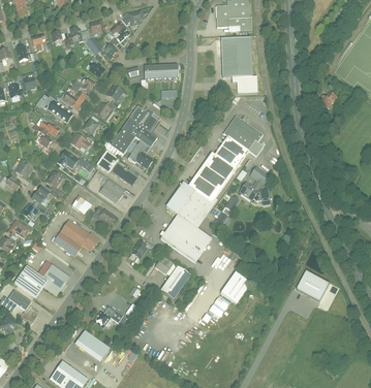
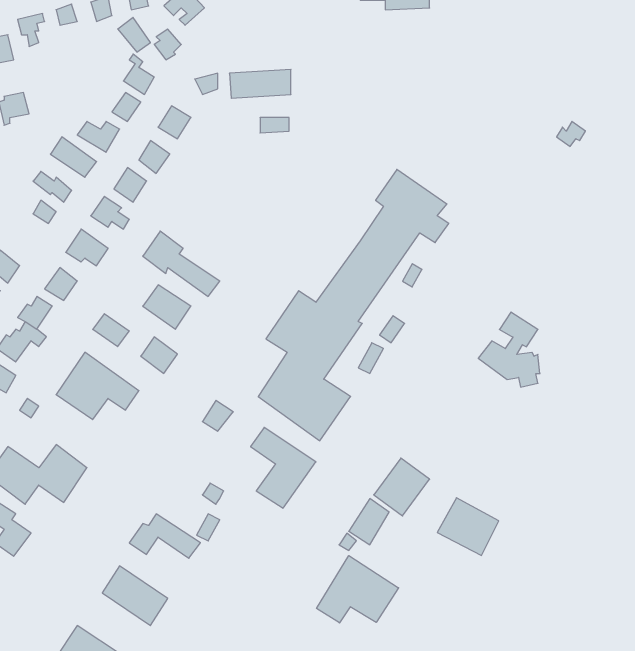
building: [217,37,257,94] -> none
building: [111,104,161,169] -> none
building: [239,166,272,206] -> [478,312,540,387]
building: [297,270,330,301] -> [437,498,499,555]
building: none -> [317,556,399,623]

